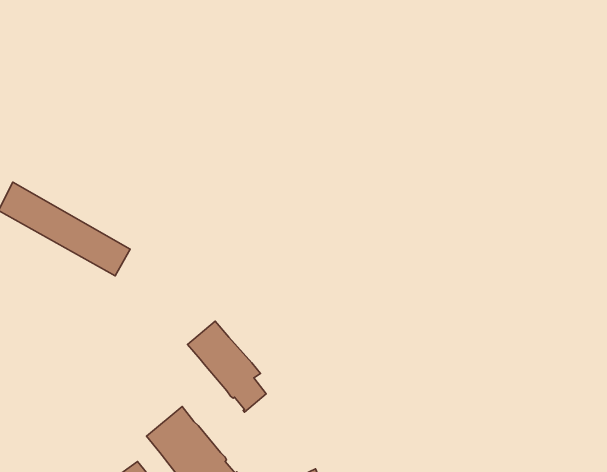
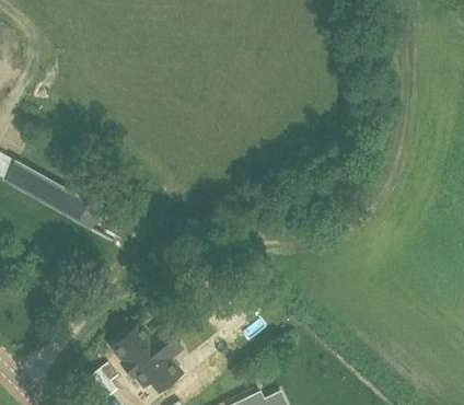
building: [188,321,266,412] -> none

